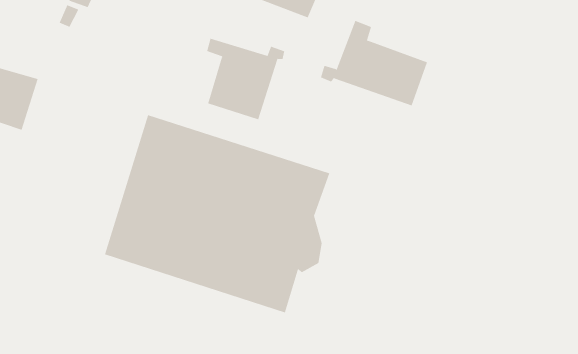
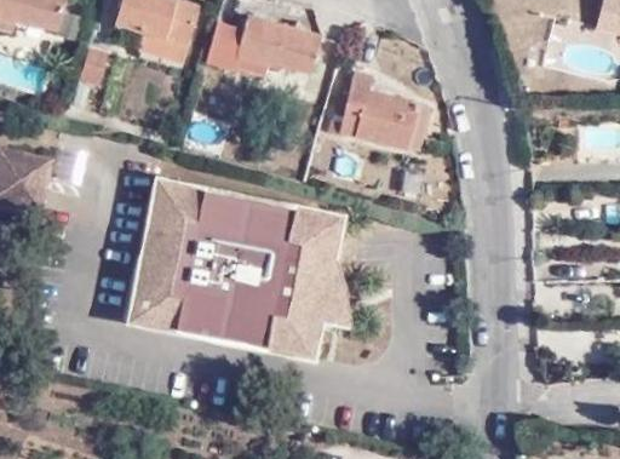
building: [207,38,285,120] -> none

